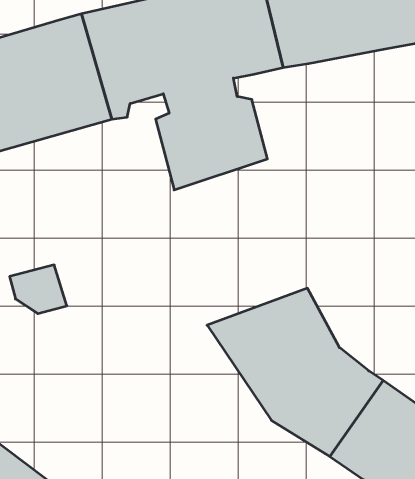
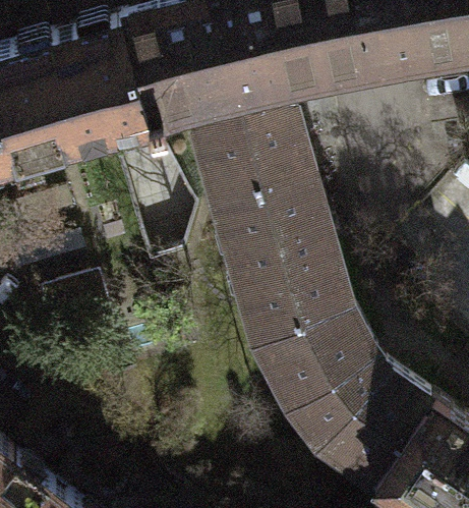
building: none -> [215,171,354,345]

